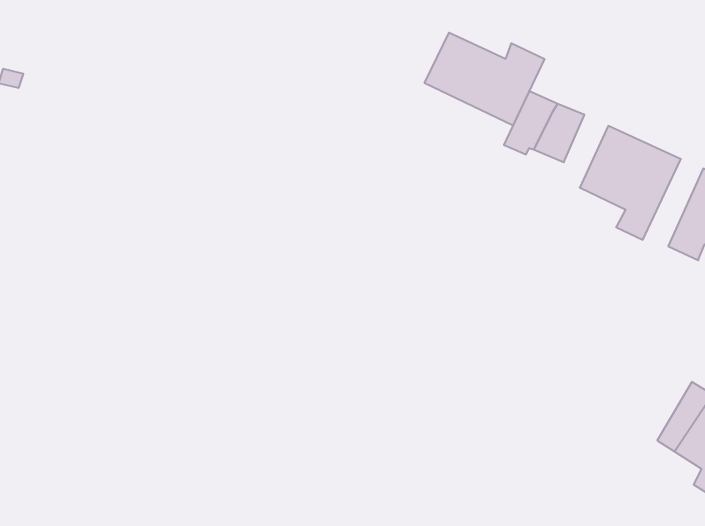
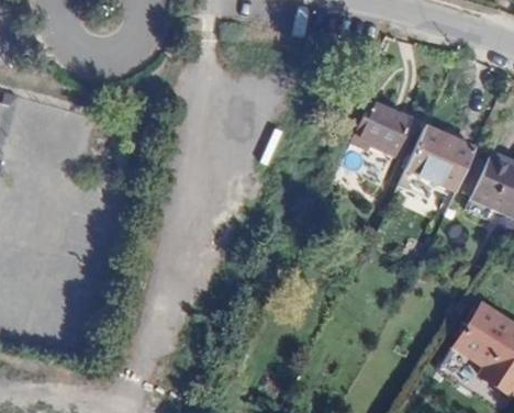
building: [425,33,544,126] -> none

